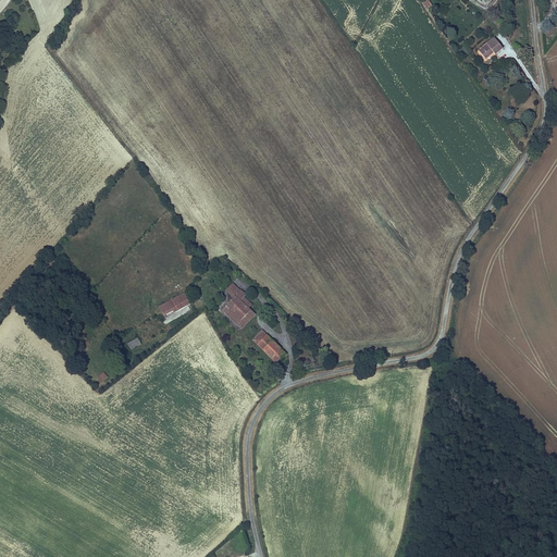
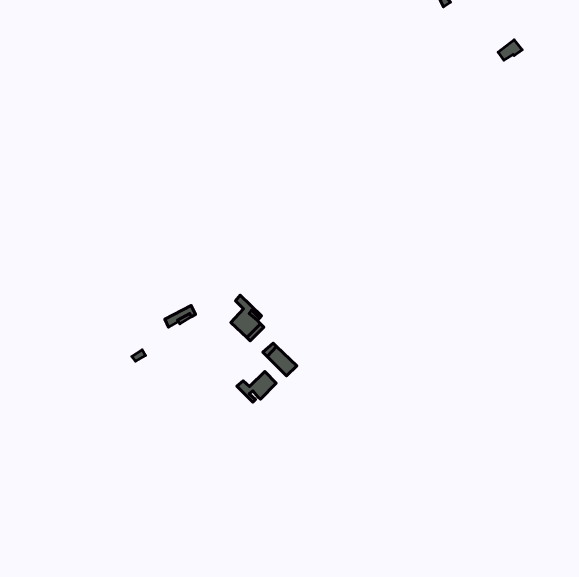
building: none -> [237,371,276,402]

